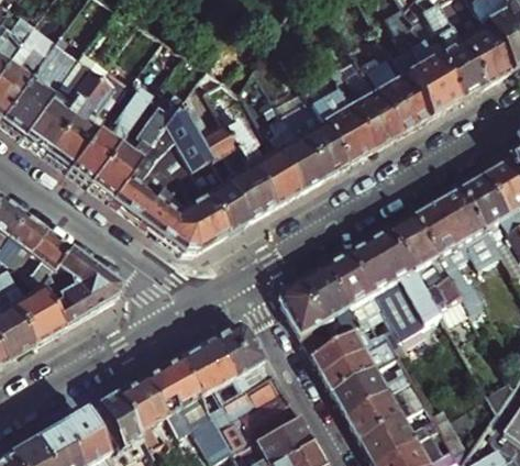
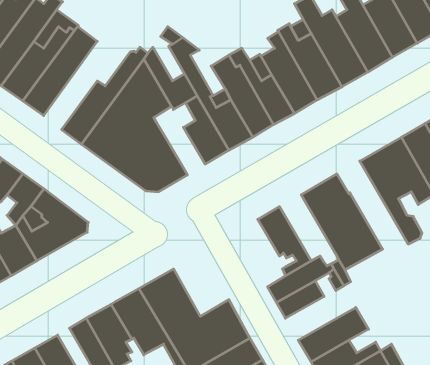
building: [66,84,148,181] -> none
building: [188,156,245,232] -> none
building: [391,217,471,323] -> none
building: [328,254,390,328] -> none
building: [283,281,334,356] -> none
building: [210,322,272,389] -> none
building: [334,367,412,415] -> none

